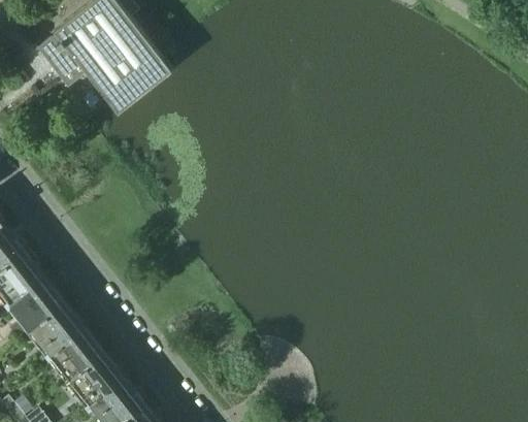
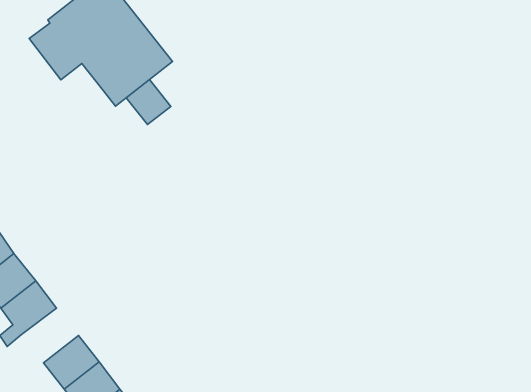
building: none -> [126,80,171,125]
building: [30,303,84,355] -> none

